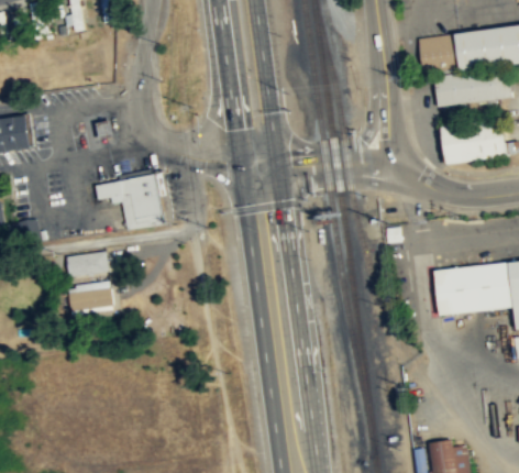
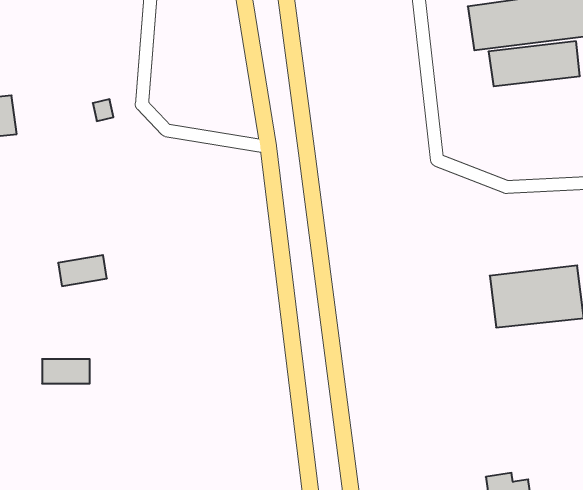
building: [440,120,506,166] -> none
building: [95,172,165,228] -> none
building: [70,288,111,309] -> [42,359,90,384]

